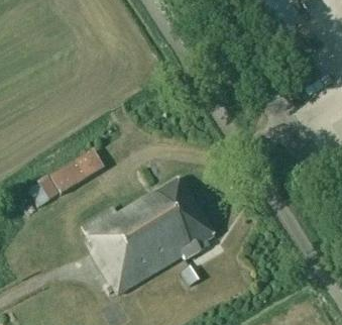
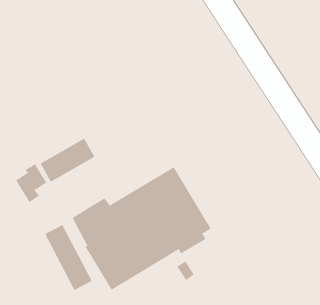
building: none -> [44,224,92,291]

